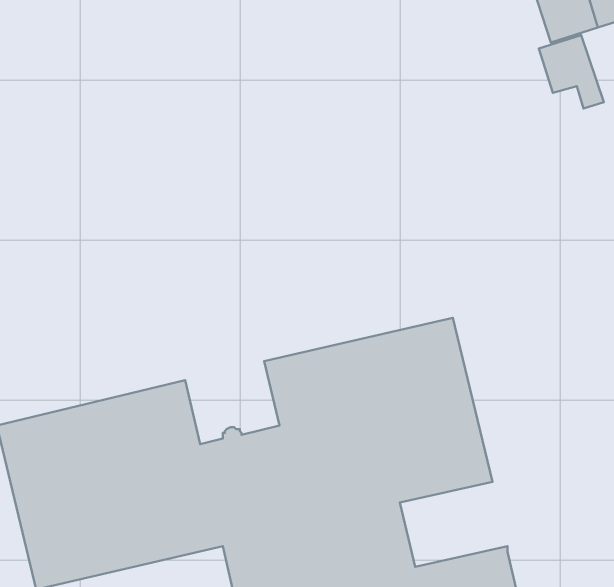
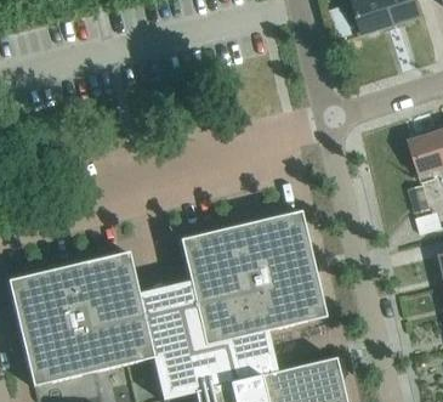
building: [539,35,604,109] -> none

